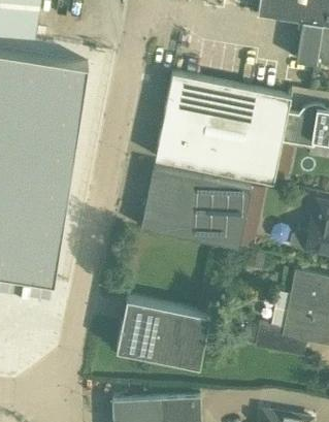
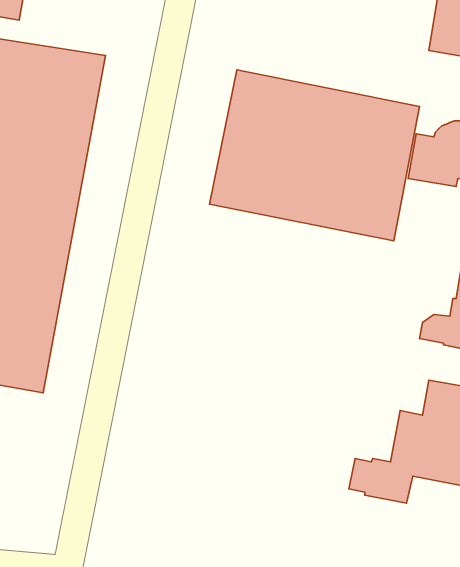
building: [142,169,253,251] -> none
building: [118,299,210,367] -> none

